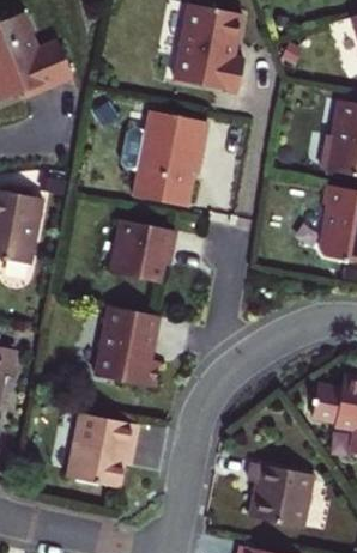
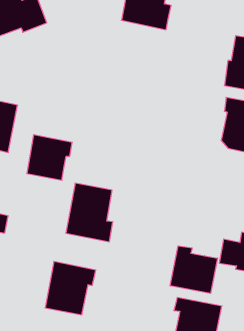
building: [125,109,211,205] -> none
building: [115,218,179,281] -> [27,135,72,180]
building: none -> [170,246,217,293]

